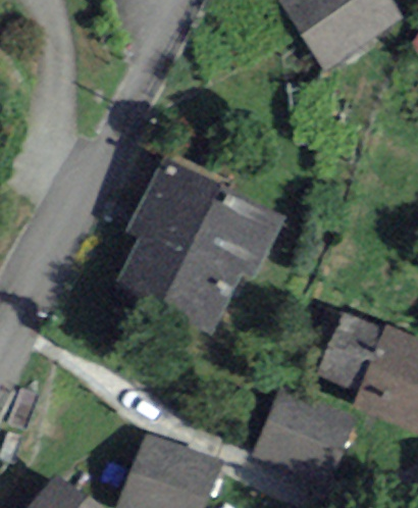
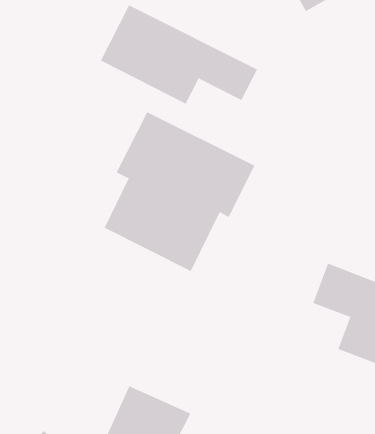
building: none -> [100,4,258,104]
building: [261,407,346,479] -> none

